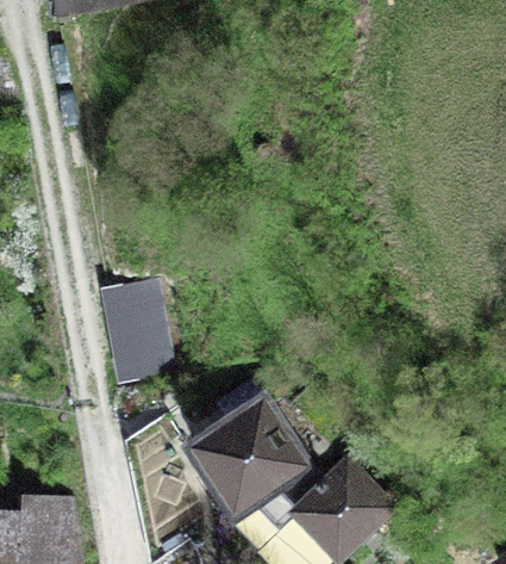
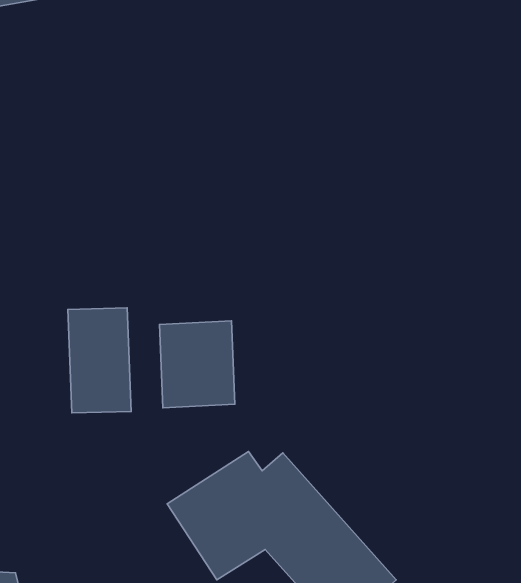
building: none -> [159,321,235,408]

